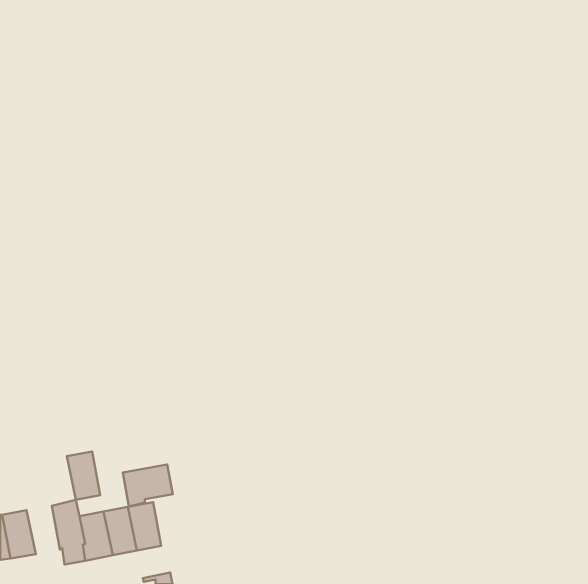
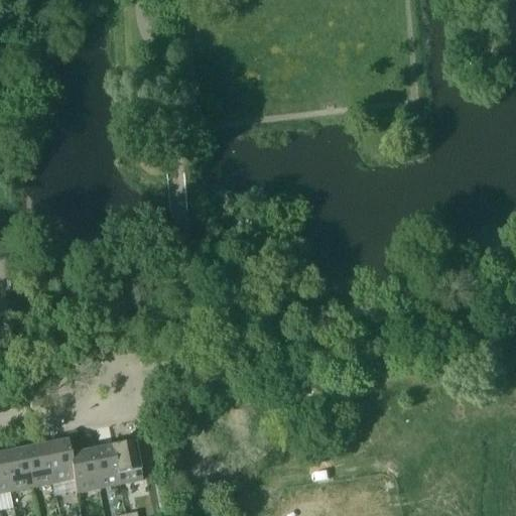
building: [67,452,100,500] -> [23,442,52,485]
building: [123,464,173,507] -> none

